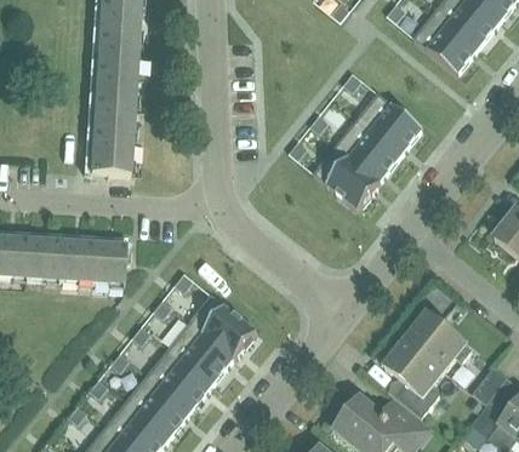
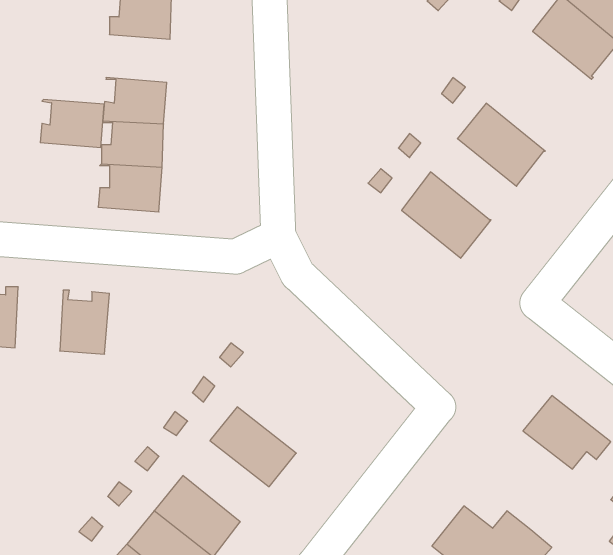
building: [90,39,138,75] -> [40,100,104,147]
building: [336,118,401,179] -> none
building: [21,230,57,279] -> none
building: [89,235,126,282] -> none
building: [189,293,257,356] -> none
building: [386,339,444,416] -> none
building: [148,347,213,408] -> none

